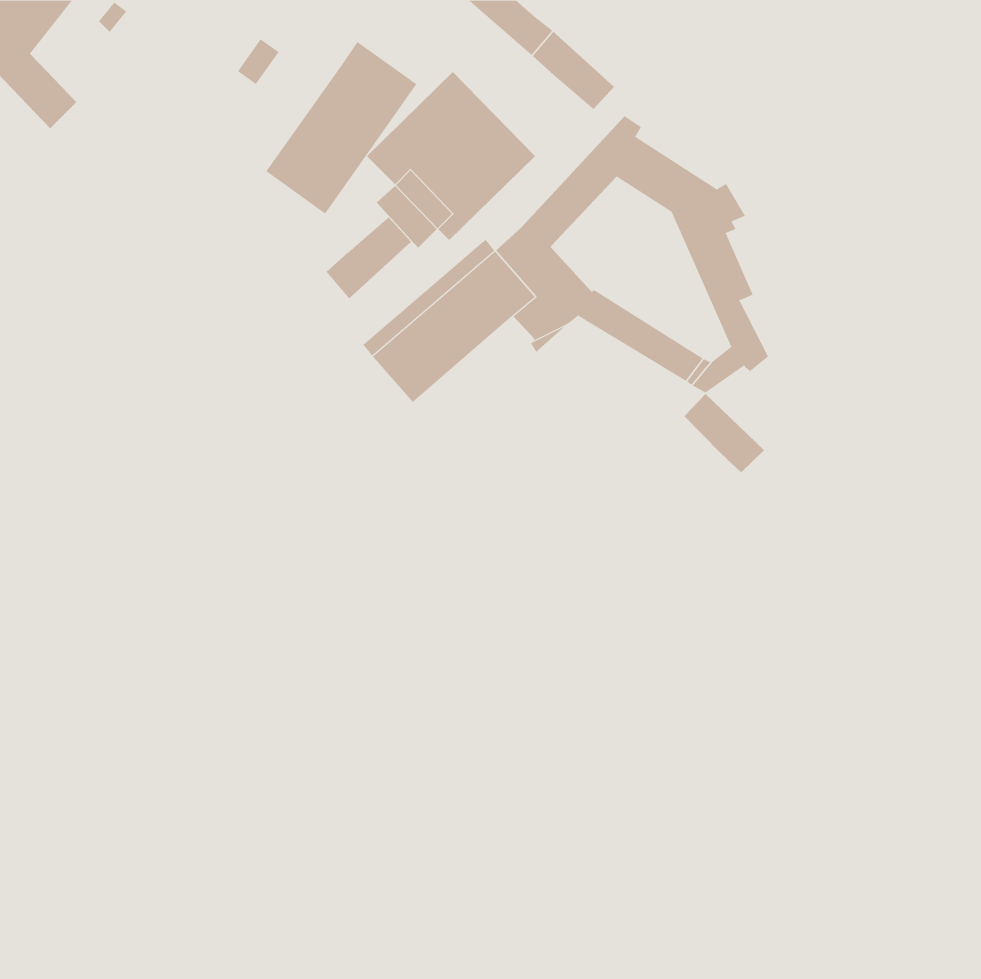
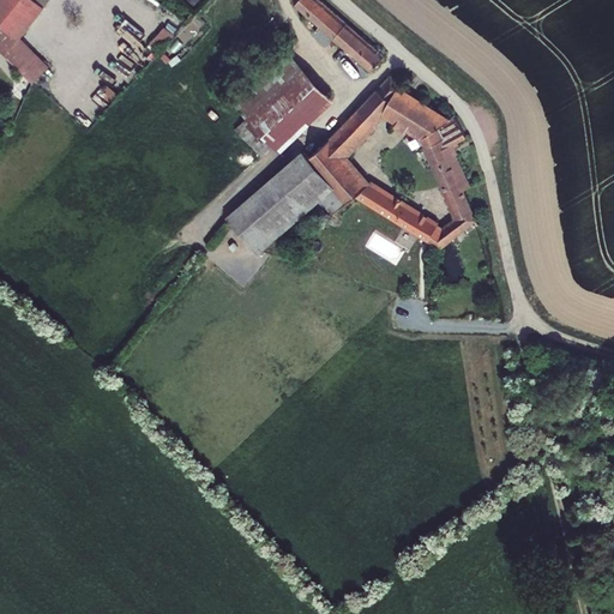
building: [265,41,417,214] -> none
building: [326,217,412,299] -> none
building: [684,393,765,473] -> none

